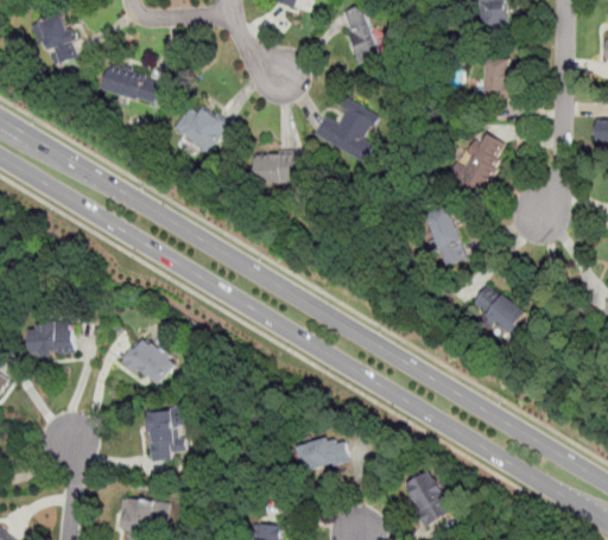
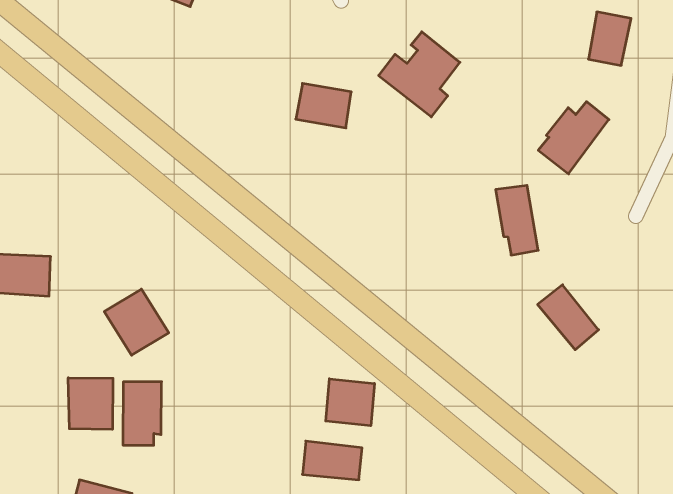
building: [173,104,228,152] -> none
building: none -> [326,379,374,426]
building: none -> [68,378,113,429]

